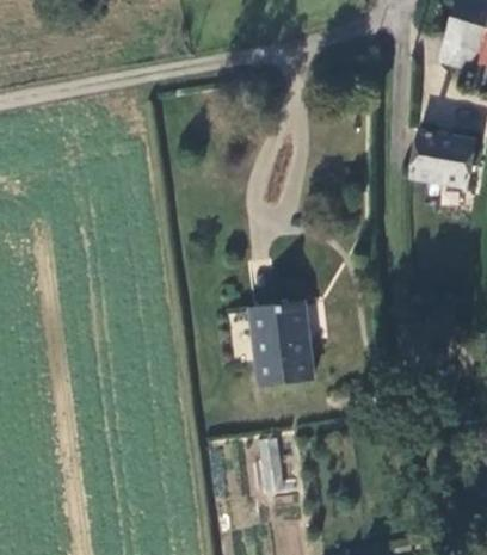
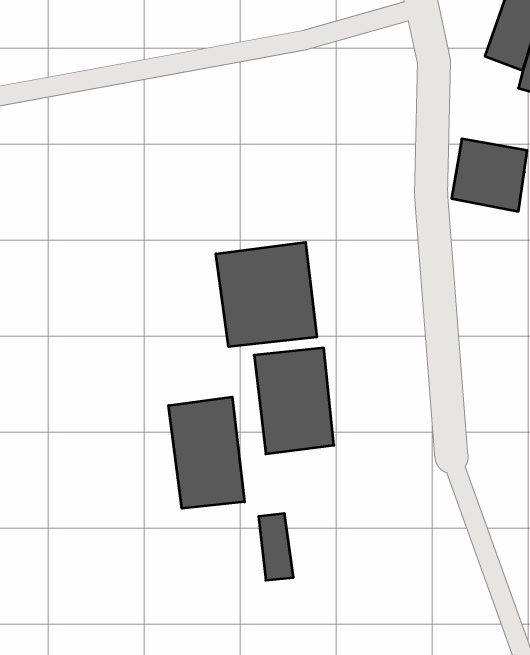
building: none -> [216,242,317,347]
building: none -> [169,397,245,508]

